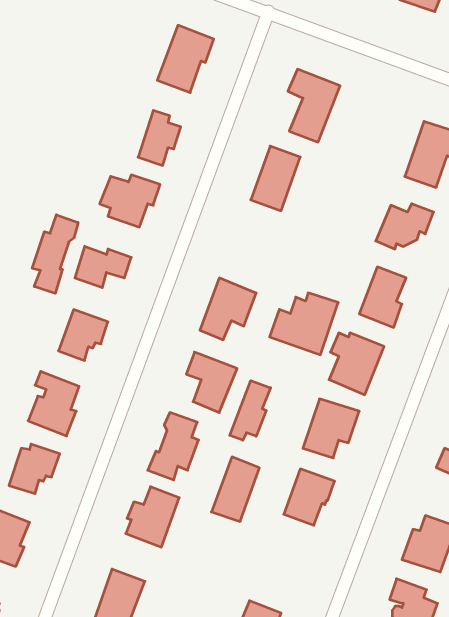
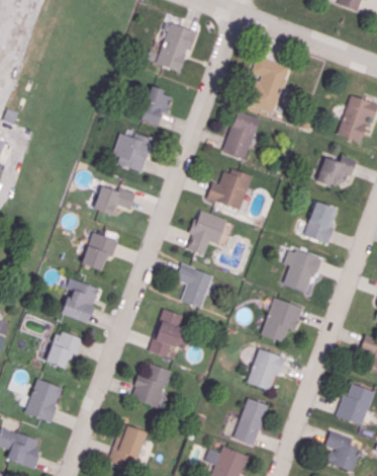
building: [32,215,78,293] -> none
building: [270,293,338,355] -> [204,168,255,214]
building: [230,381,271,440] -> none
building: [211,457,259,521] -> [232,398,268,446]

